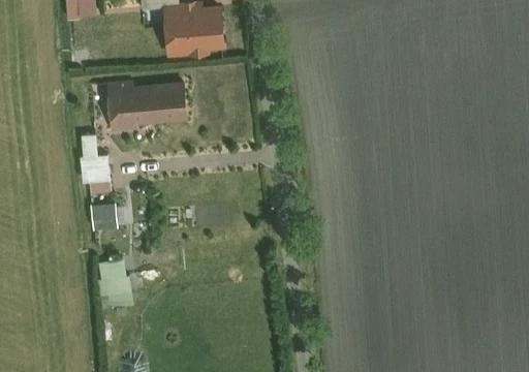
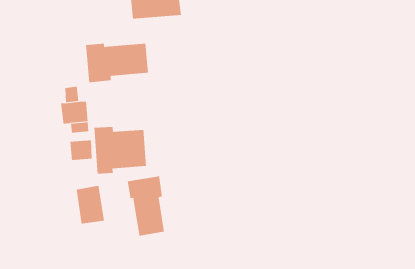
building: none -> [94,126,147,175]
building: none -> [127,176,165,236]

